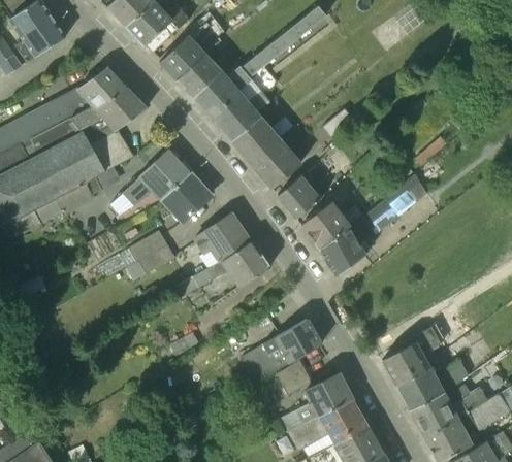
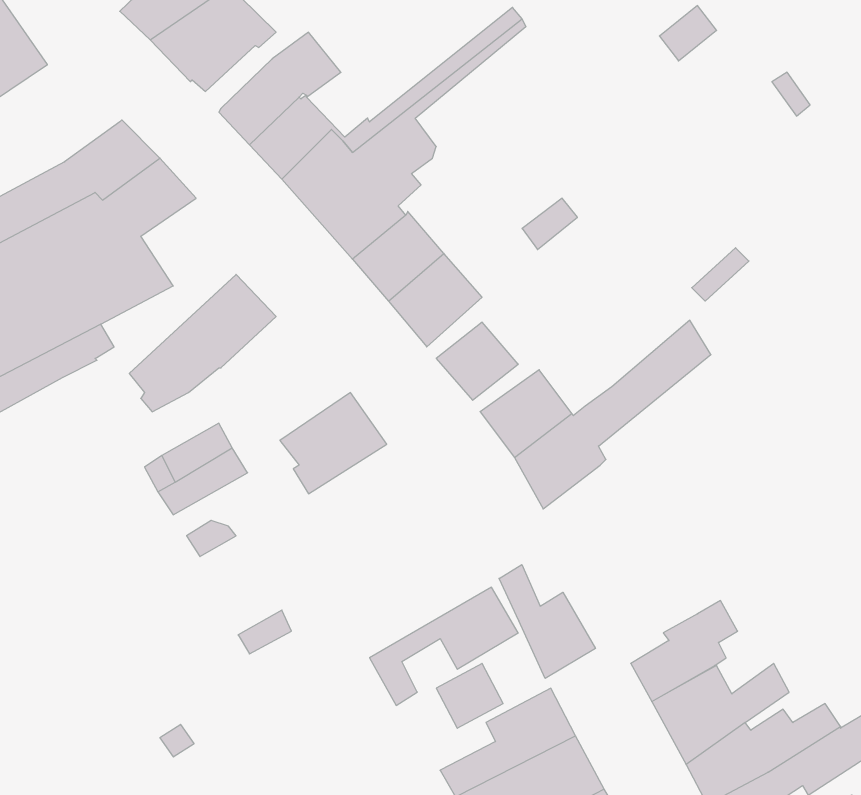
building: [160,172,211,223] -> none
building: [177,239,270,296] -> none
building: none -> [499,565,595,678]

